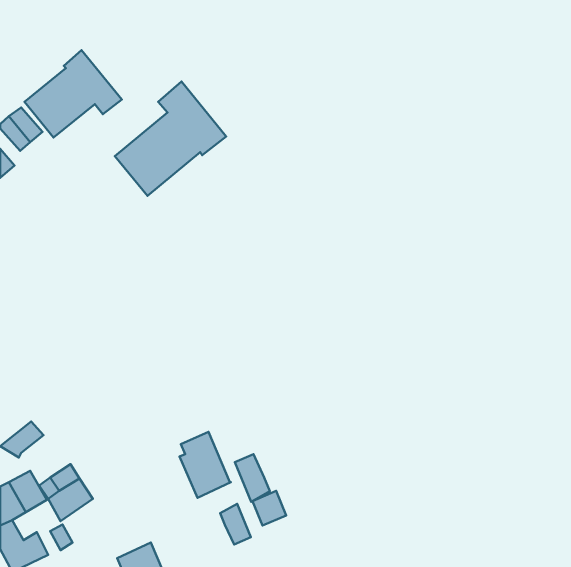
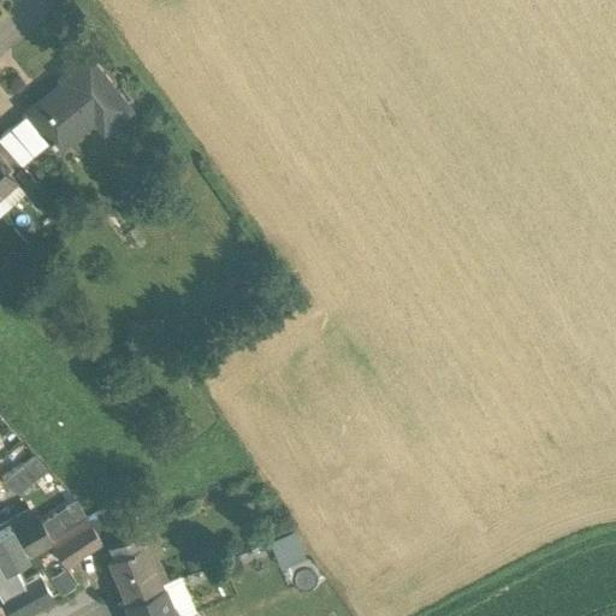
building: [115,82,226,196] -> none
building: [180,432,231,498] -> [107,534,162,605]
building: [235,454,270,502] -> none
building: [220,504,251,545] -> none

